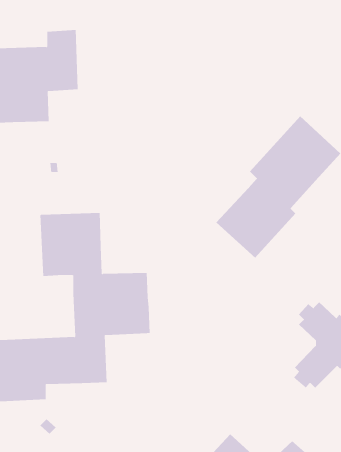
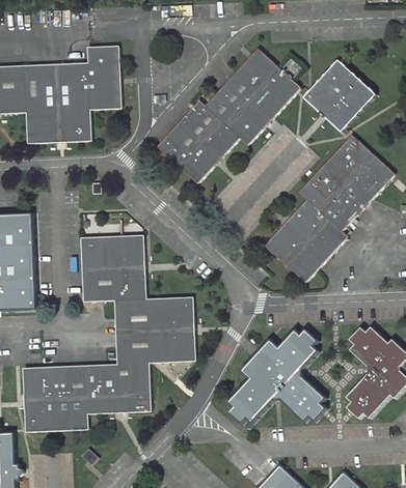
building: none -> [155,48,299,183]
building: none -> [303,60,376,132]
building: none -> [227,329,325,424]

